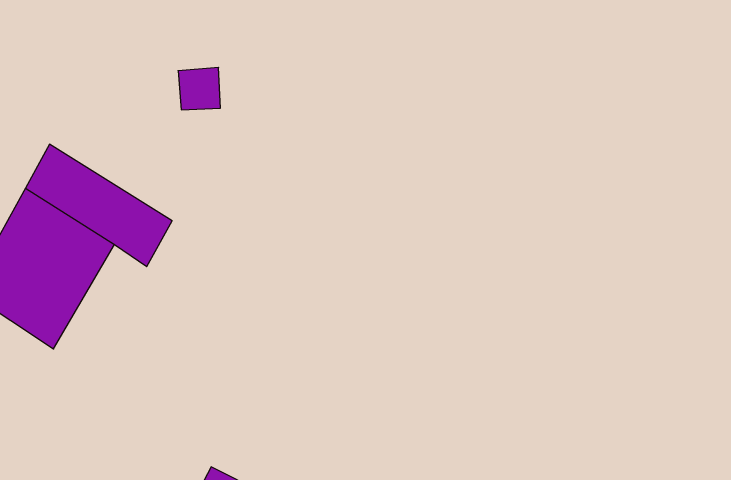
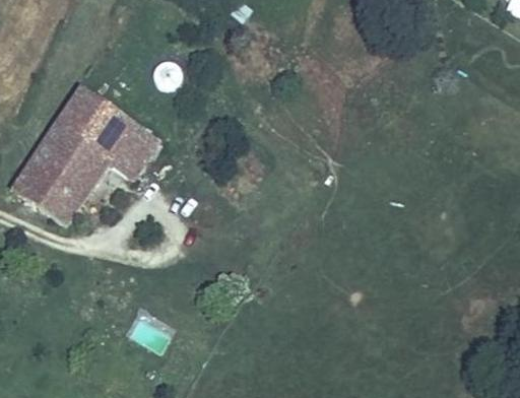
building: none -> [72,83,155,155]

